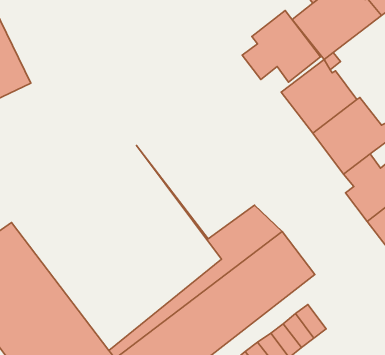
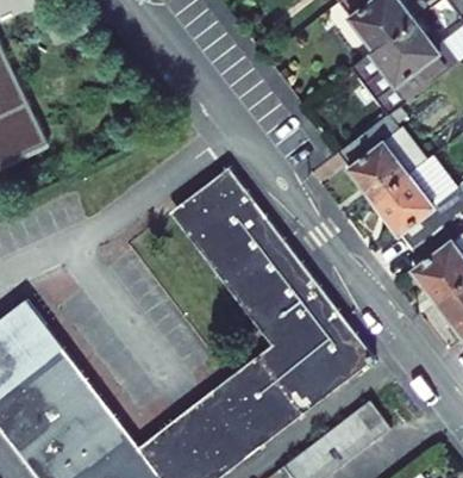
building: [242,10,321,82] -> none
building: none -> [170,178,307,322]

